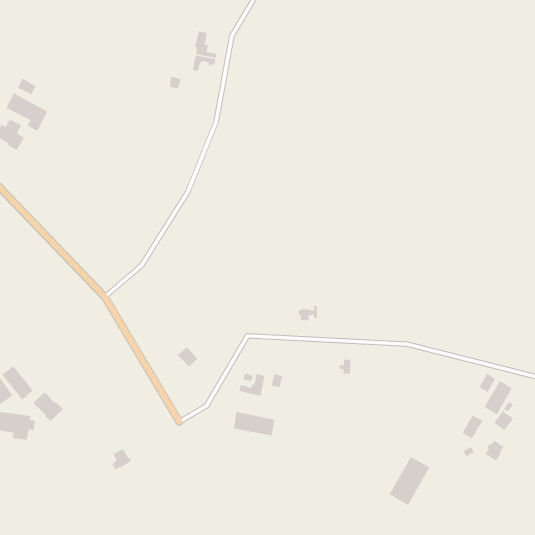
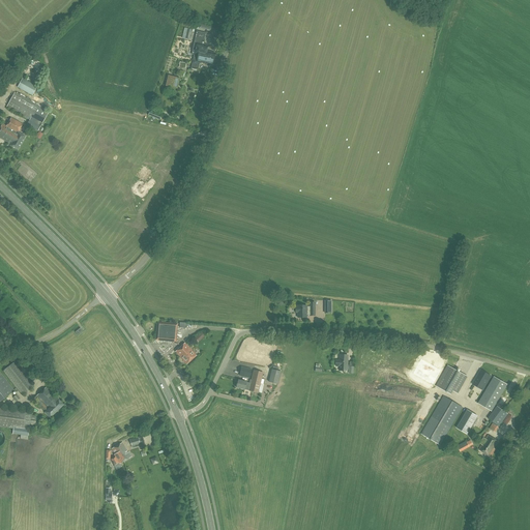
building: none -> [154,320,177,341]
building: none -> [435,364,467,393]
building: [233,411,275,437] -> none
building: [388,456,430,506] -> [420,394,462,444]

